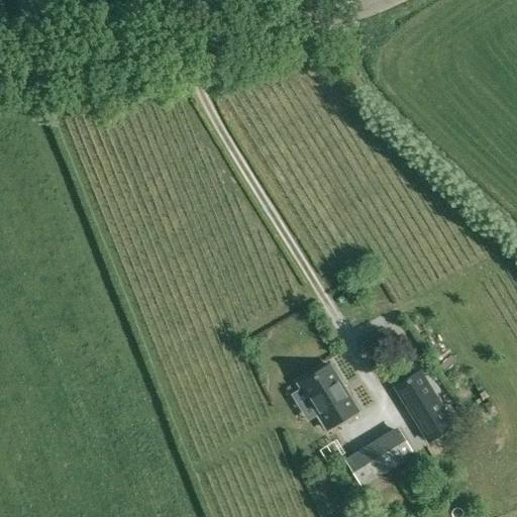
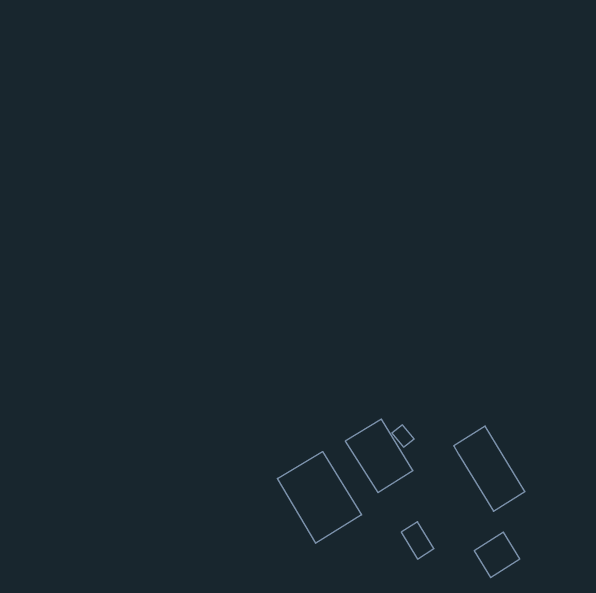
building: none -> [277,452,362,543]
building: [374,428,413,468] -> [474,532,520,578]

